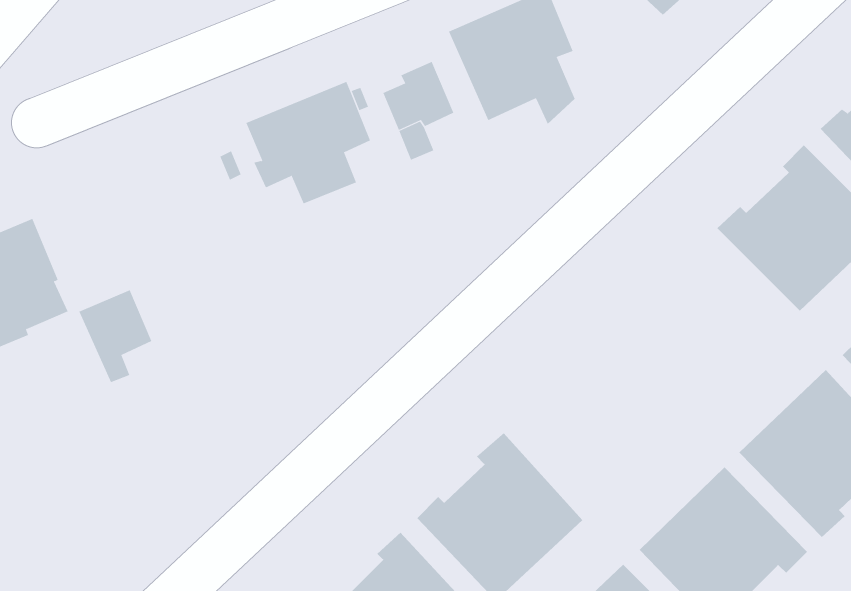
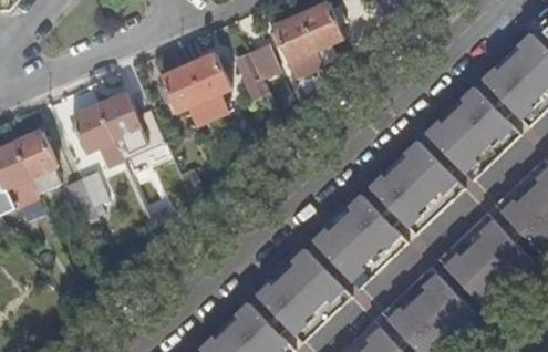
building: none -> [71,93,138,166]
building: none -> [366,143,461,236]
building: none -> [311,196,404,289]

